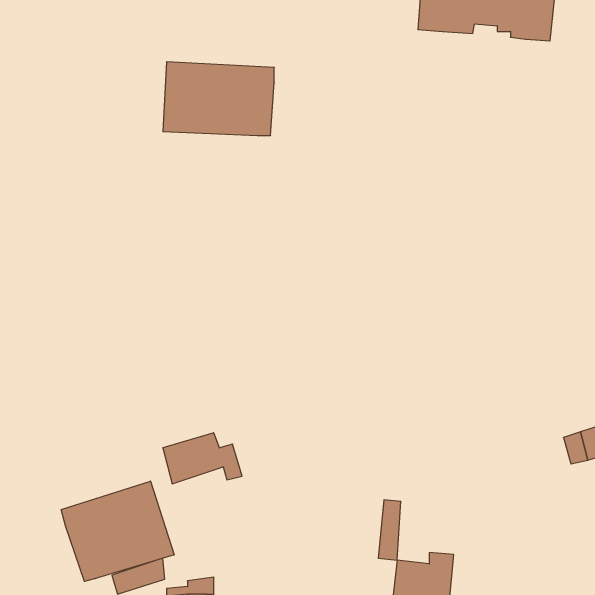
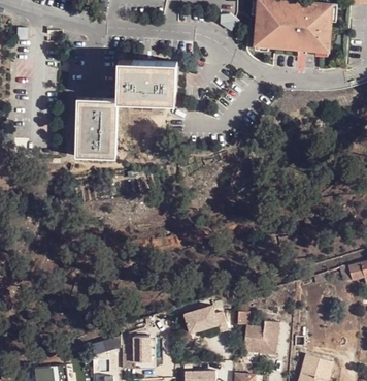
building: none -> [75,100,116,160]
building: [163,433,242,484] -> [180,307,224,335]
building: [61,481,174,581] -> none

